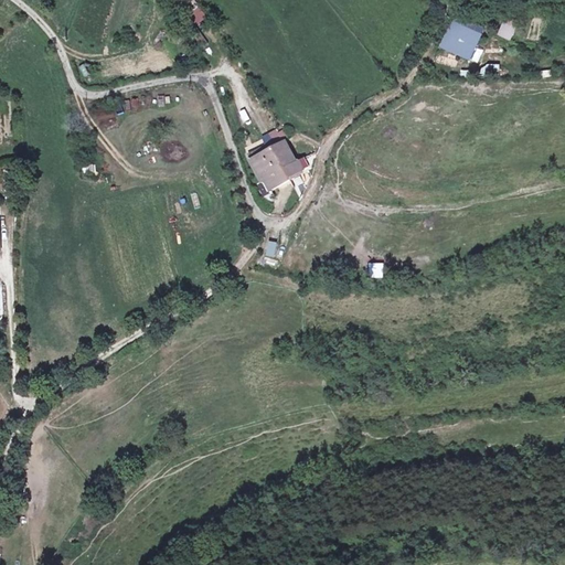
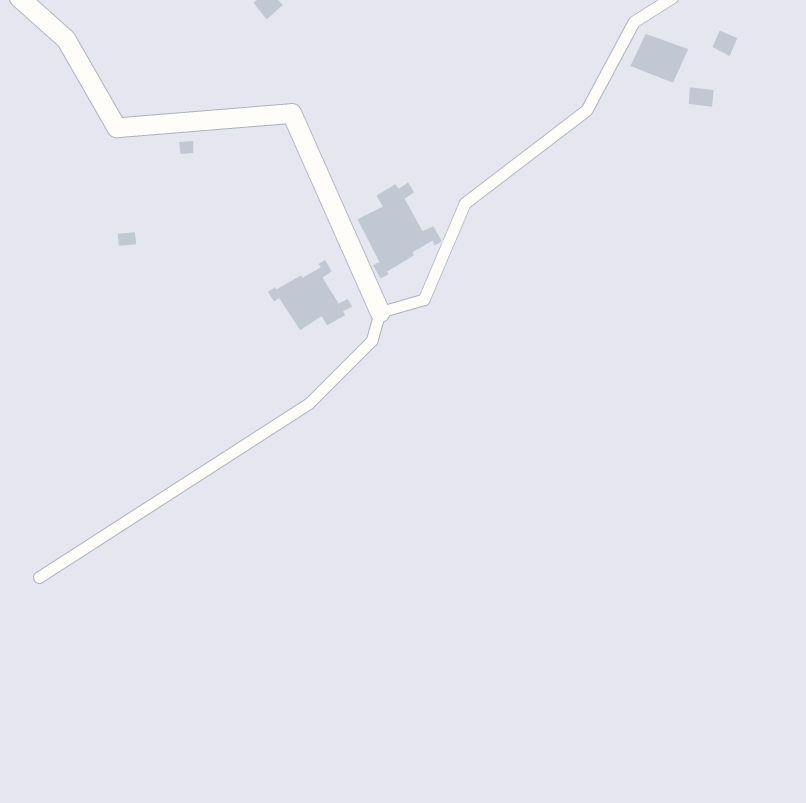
building: none -> [267,259,353,331]

